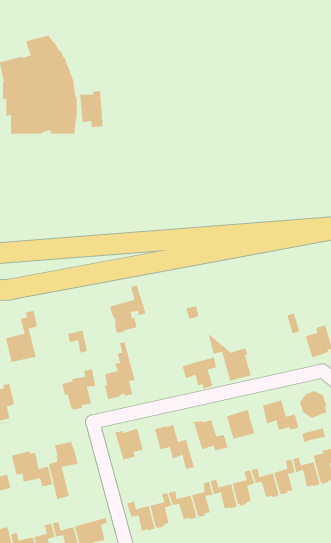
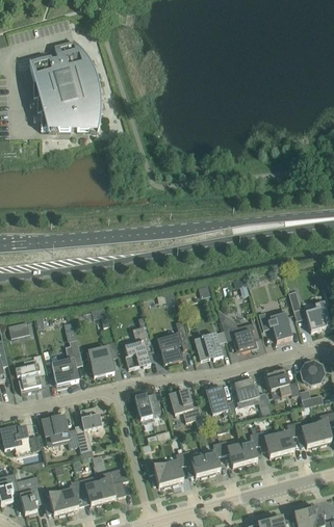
building: [80,90,103,128] -> none
building: [109,284,146,333] -> [157,319,190,363]
building: [5,310,38,362] -> [51,338,80,385]
building: none -> [258,308,292,340]

